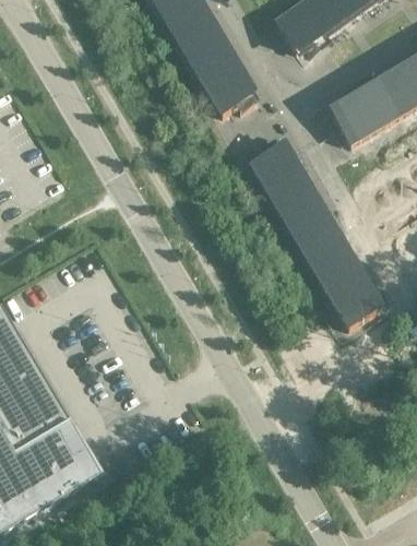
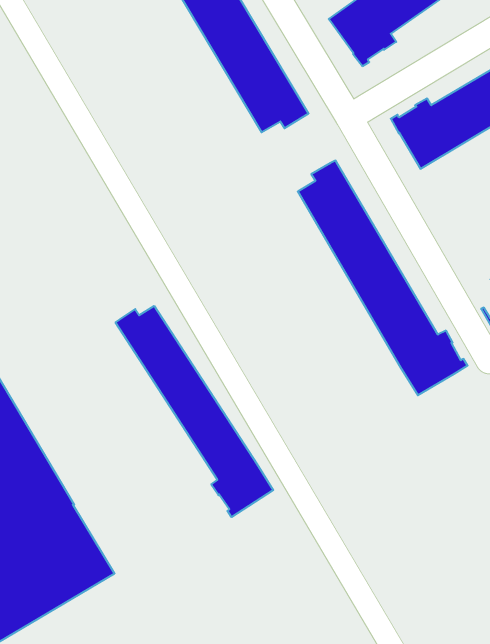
building: none -> [116,306,273,517]

